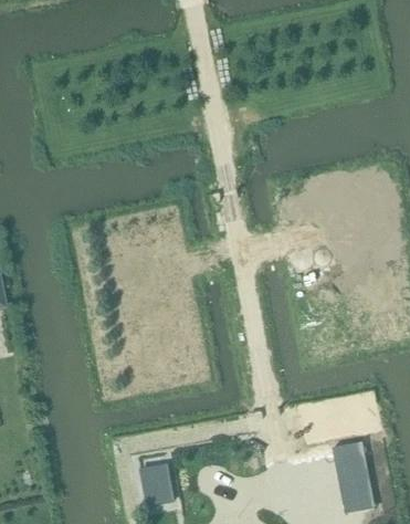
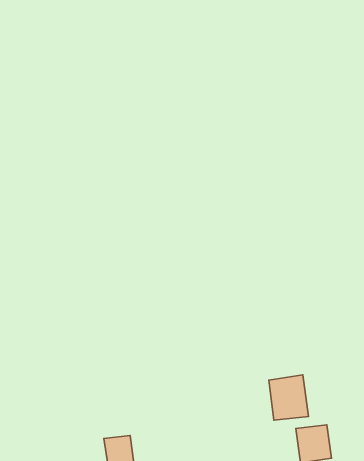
building: none -> [269,375,309,420]

